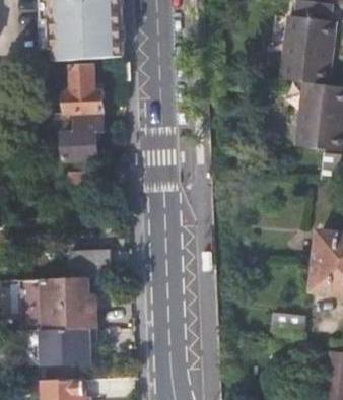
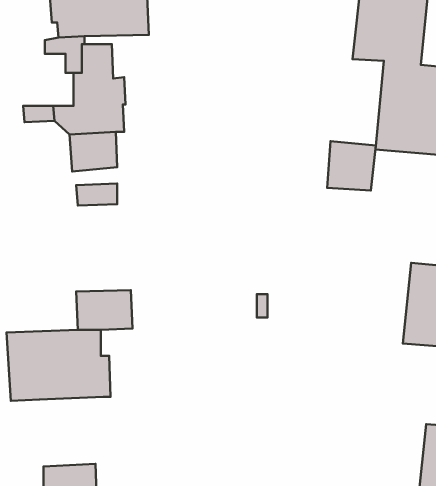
building: none -> [327,141,376,191]
building: [42,329,90,365] -> none

